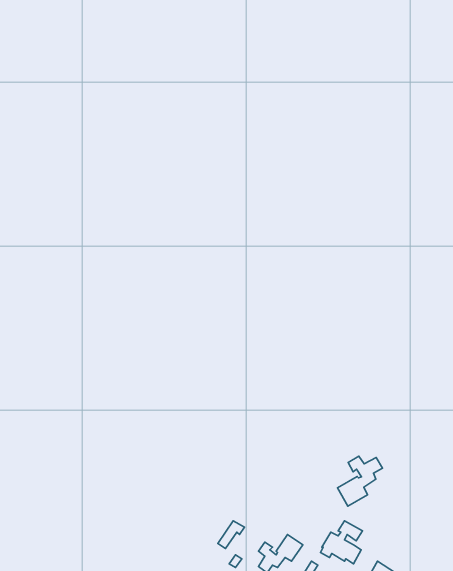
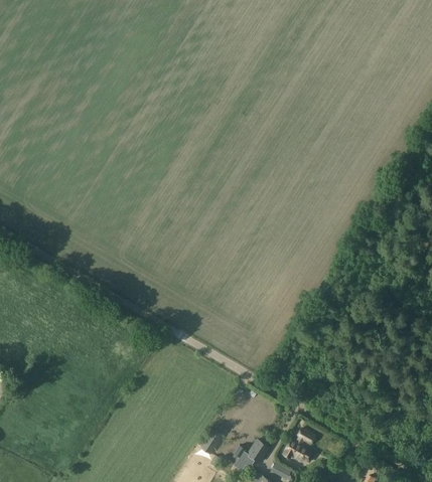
building: [337,456,383,506] -> none

